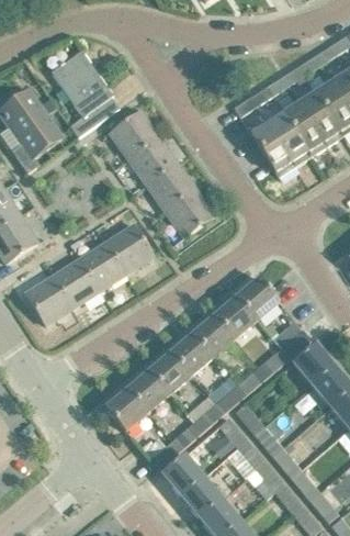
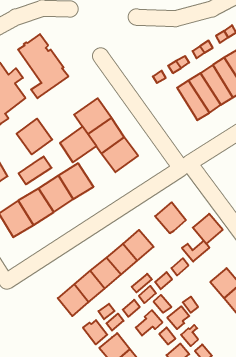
building: [110,110,159,158] -> [60,127,96,162]
building: [250,122,294,176] -> none
building: none -> [17,119,52,154]
building: none -> [19,156,52,184]
building: [215,295,257,337] -> none
building: [293,344,334,384] -> [193,214,223,244]

